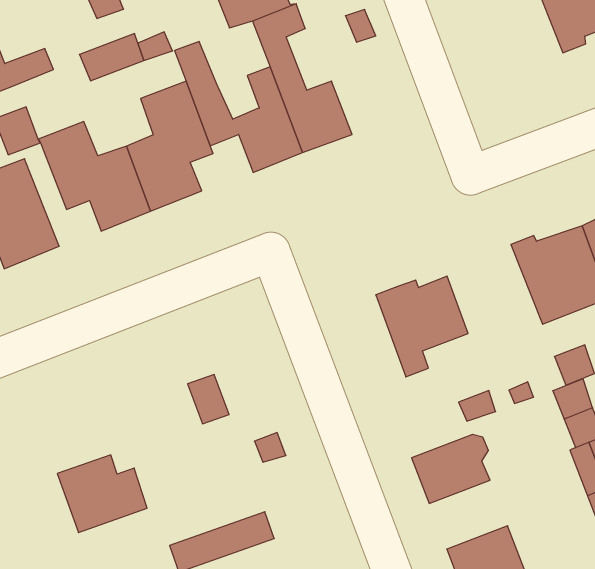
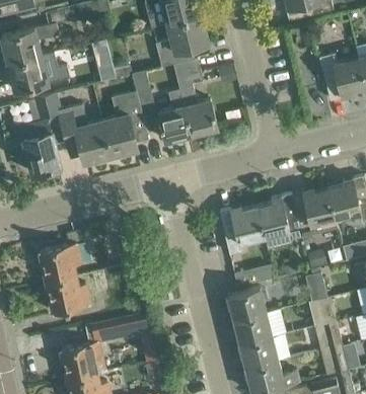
building: none -> [258,194,303,240]
building: none -> [41,230,83,283]
building: none -> [234,313,273,345]

